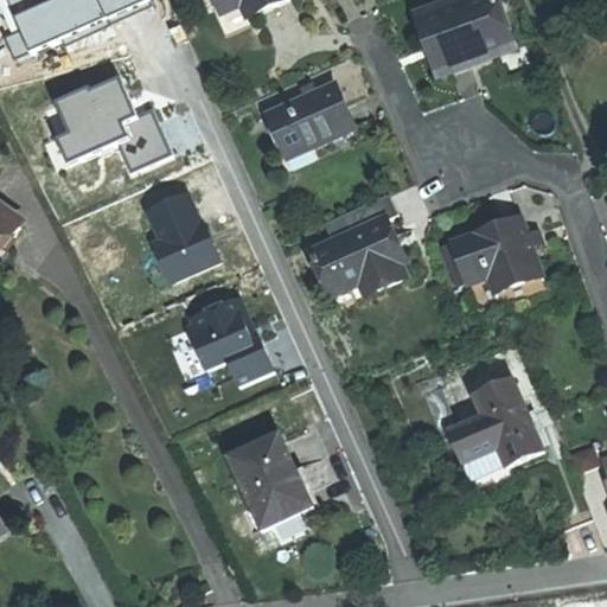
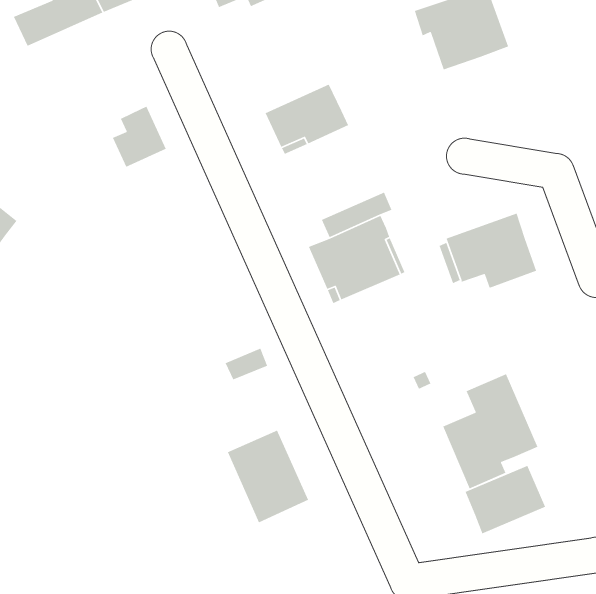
building: [52,77,133,160] -> none
building: [142,187,216,283] -> none
building: [181,296,254,368] -> none
building: none -> [464,465,546,535]

